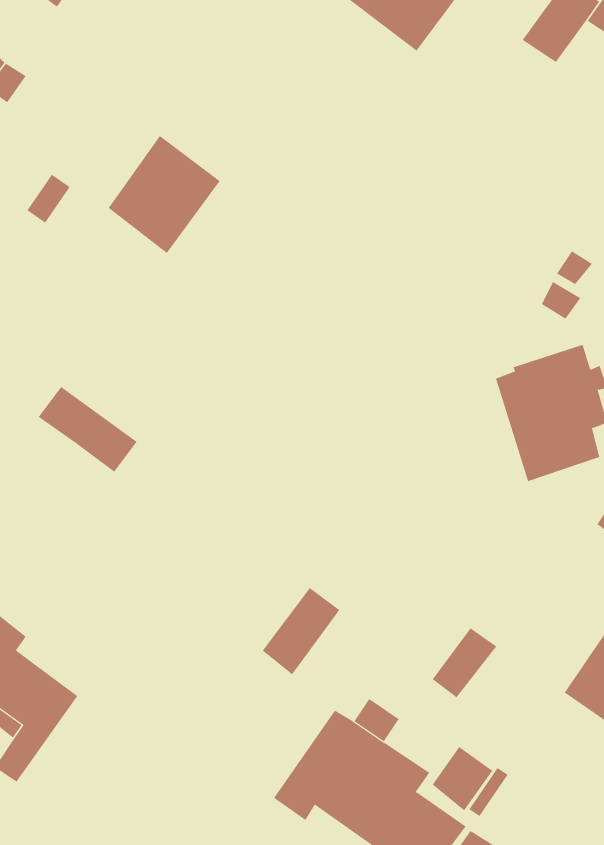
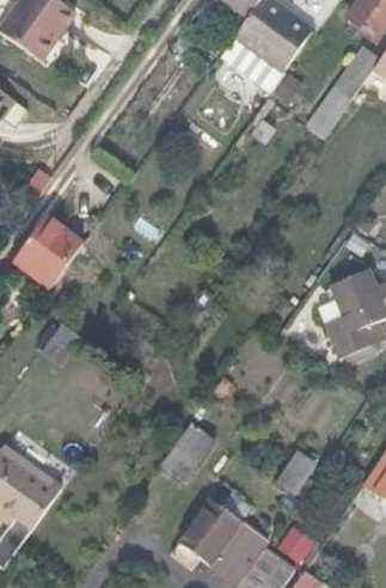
building: none -> [305,80,355,135]
building: [108,135,221,254] -> [17,210,87,284]

